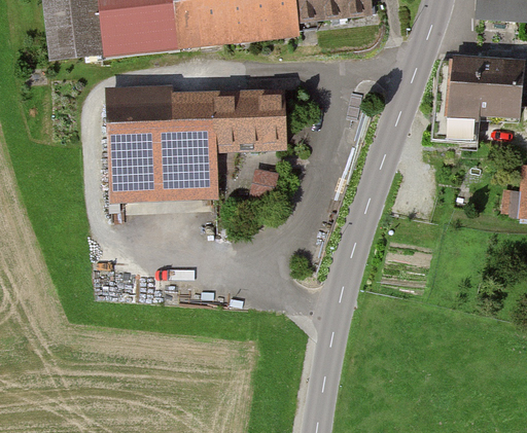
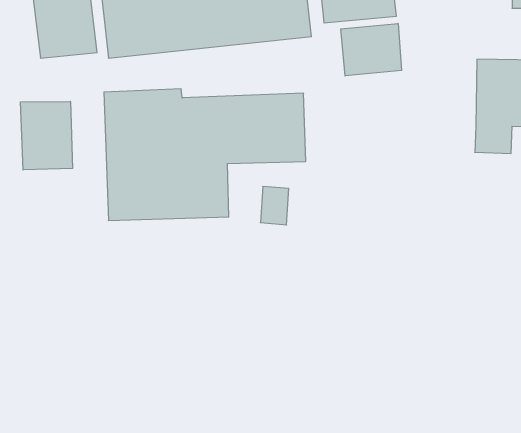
building: none -> [341,23,402,76]
building: none -> [21,101,73,170]

